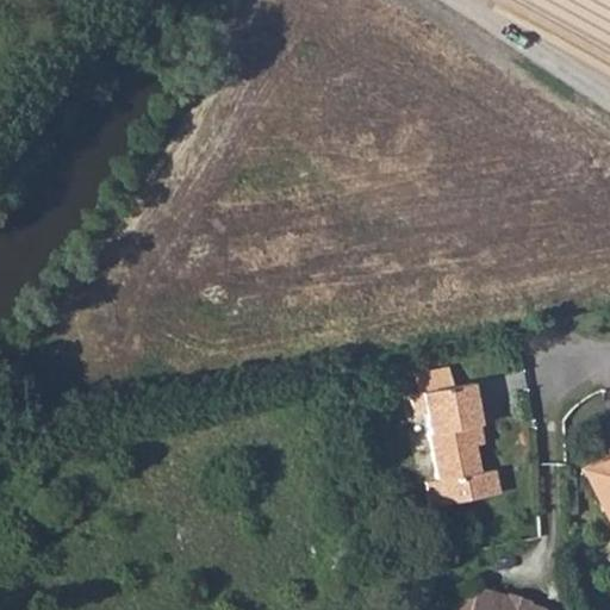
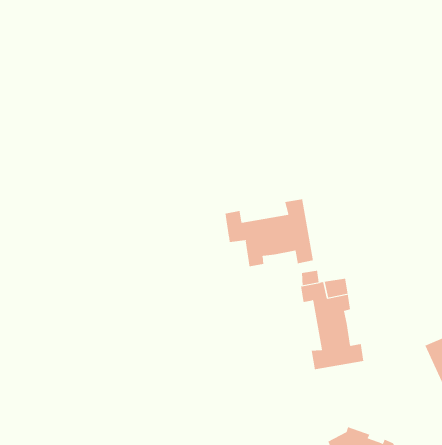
building: none -> [225,199,314,267]

